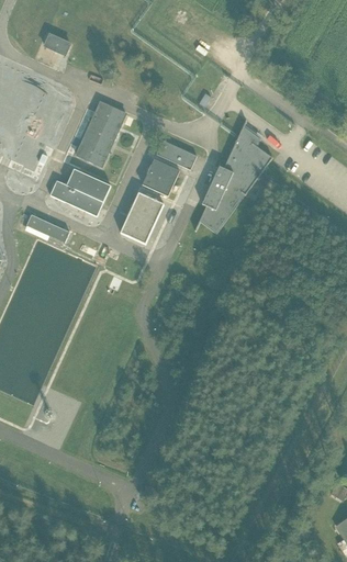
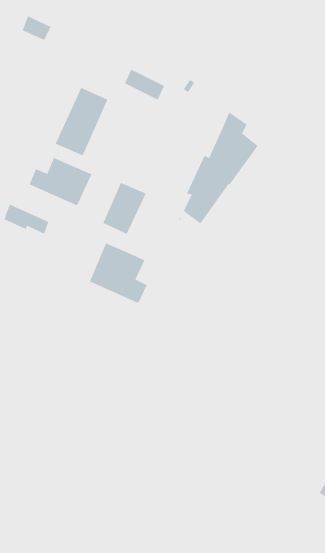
building: [157,138,197,169] -> [124,69,165,100]
building: [142,158,179,195] -> none
building: none -> [89,242,147,304]

